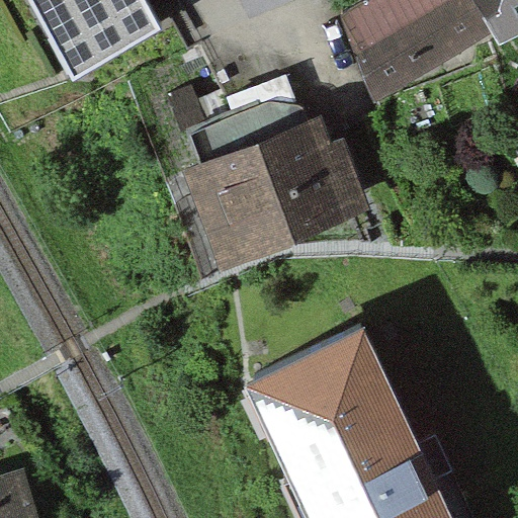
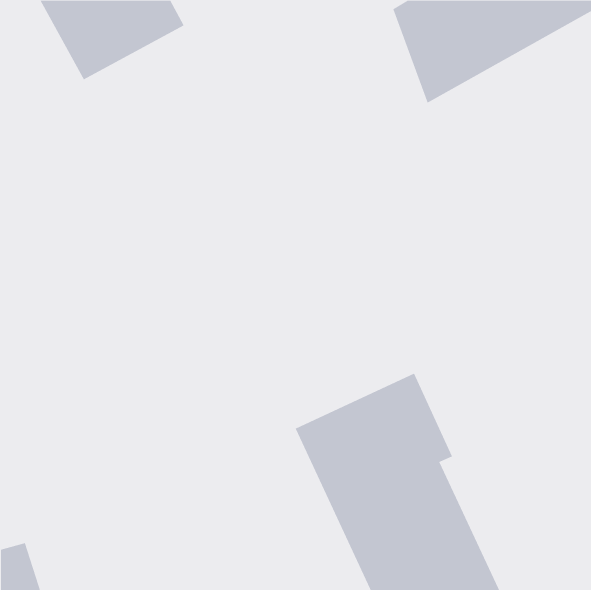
building: [193,105,352,251] -> none

